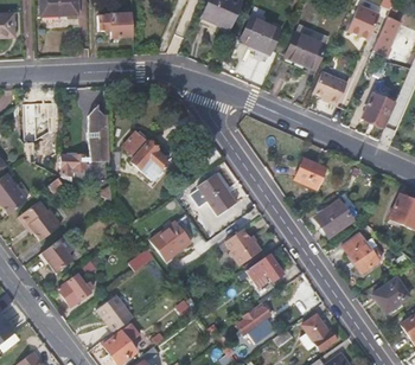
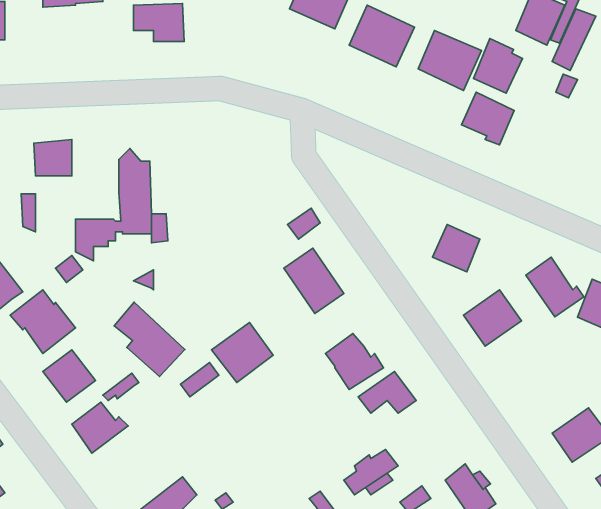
building: [360,92,392,128] -> [474,39,523,93]
building: [122,132,168,180] -> [114,302,185,377]
building: [343,233,381,273] -> [526,257,584,317]
building: [96,294,133,332] -> none

